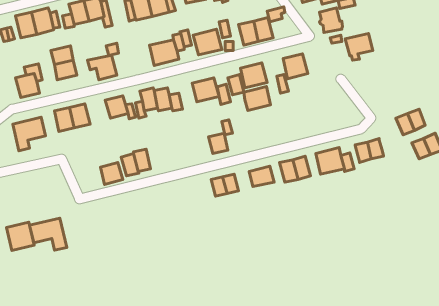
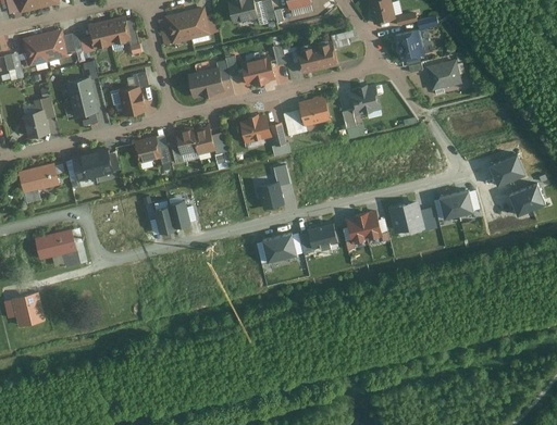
building: [244,87,270,111] -> none
building: [101,162,123,185] -> none
building: [29,218,67,250] -> [32,226,77,265]

